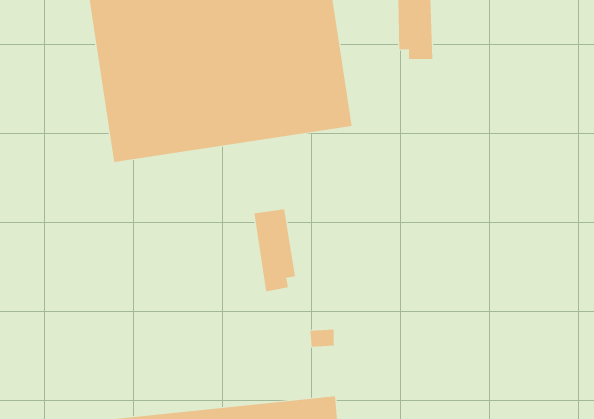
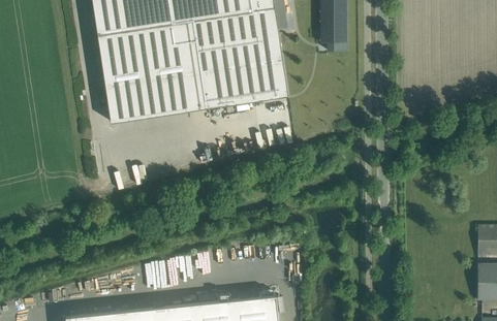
building: [254,208,296,292] -> none

